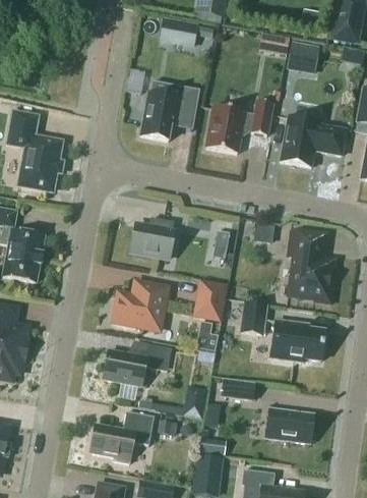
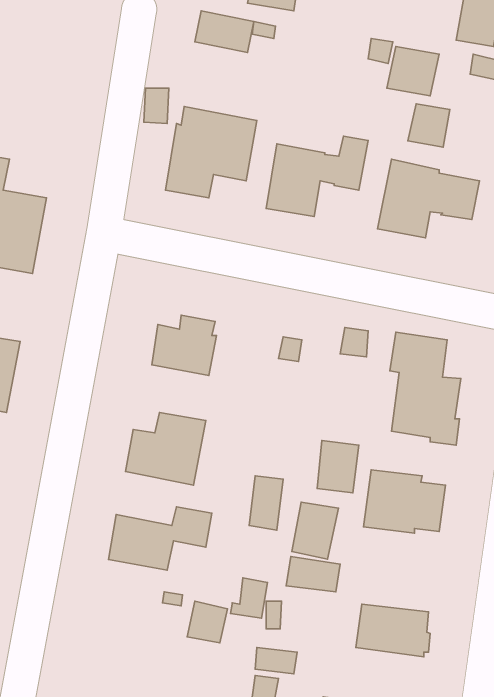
building: none -> [408,104,450,147]
building: [194,282,225,320] -> [292,502,338,559]
building: [88,411,152,463] -> none

